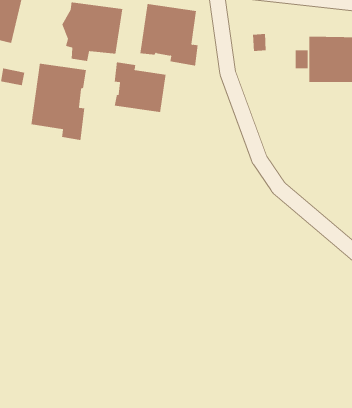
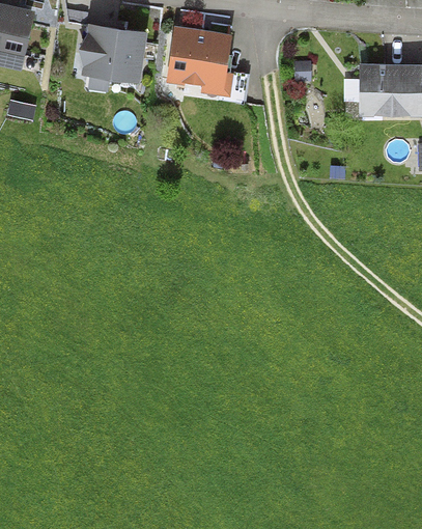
building: [114,61,166,113] -> none
building: [31,63,87,141] -> none

